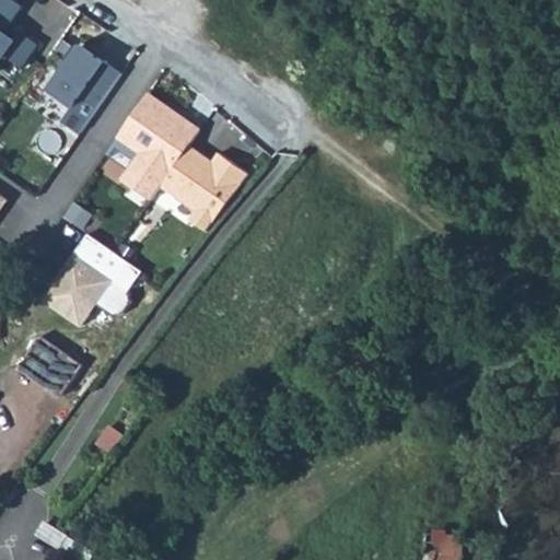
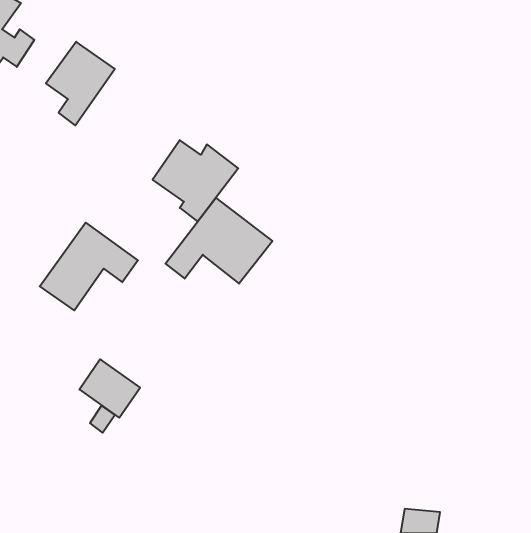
building: [115,92,201,201] -> none
building: none -> [165,198,272,284]
building: [14,335,78,396] -> [79,359,140,418]

